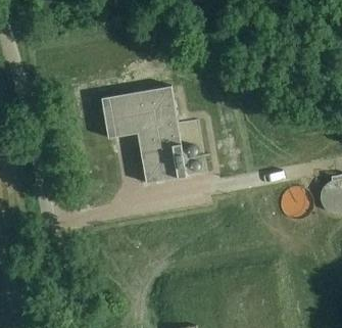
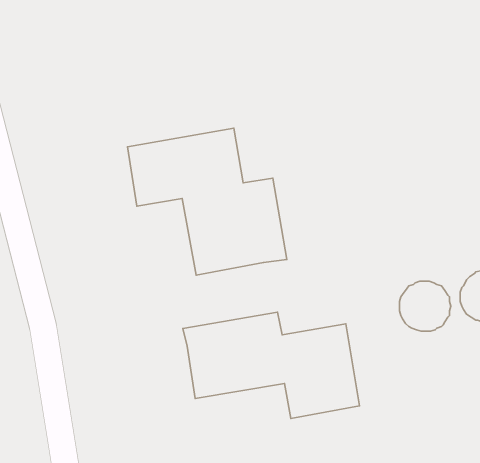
building: none -> [183,312,360,419]

